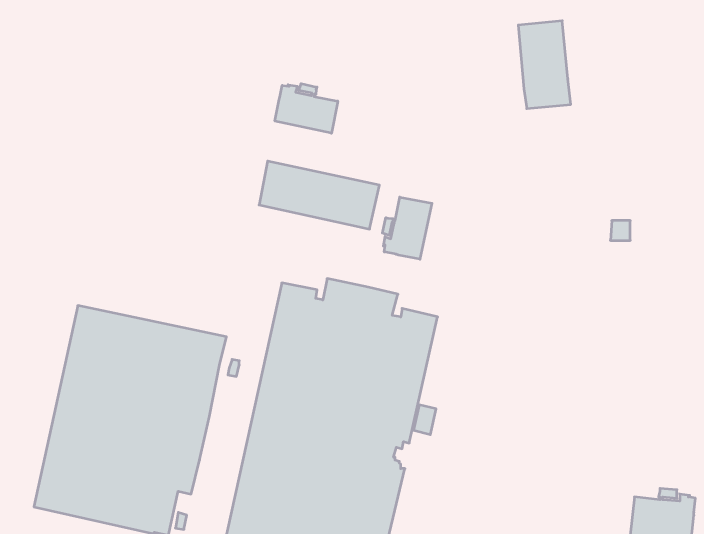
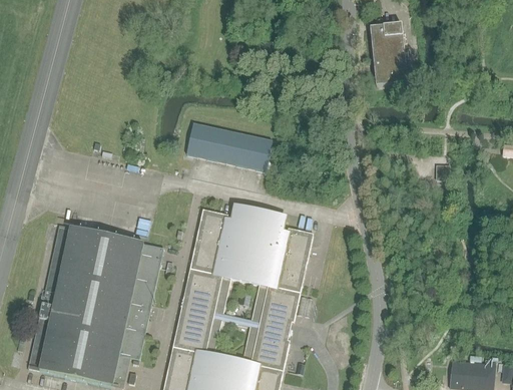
building: [275,84,338,133] -> none
building: [382,197,432,259] -> none

